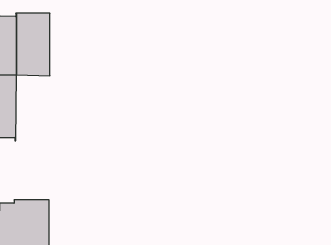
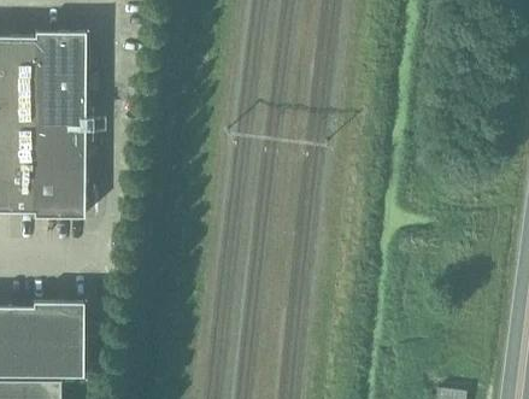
building: none -> [34,123,83,218]

